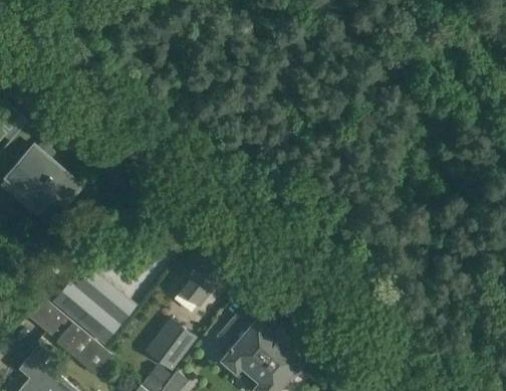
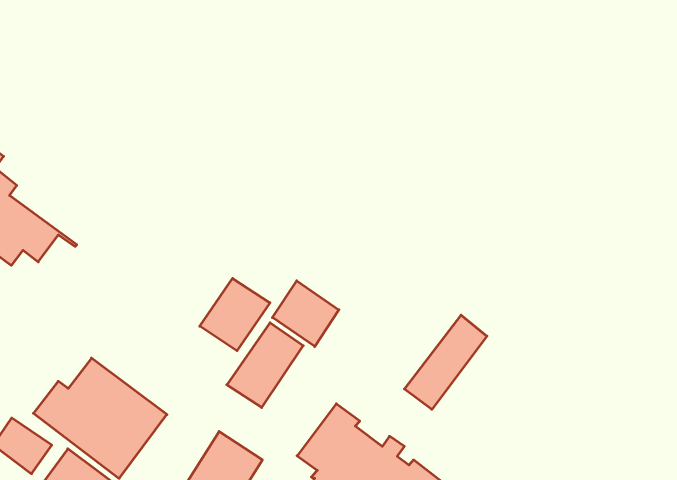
building: none -> [200,278,270,351]
building: none -> [272,281,339,347]
building: none -> [404,315,487,409]

